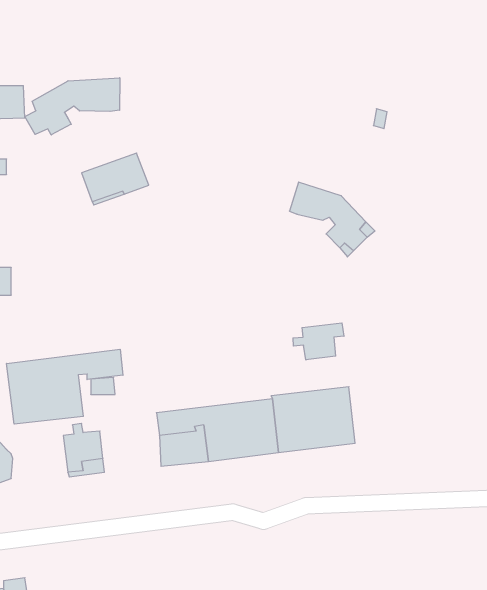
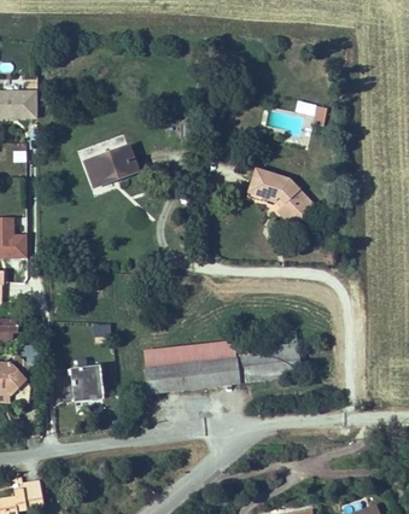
building: [25,78,120,135] -> none
building: [293,323,344,360] -> none
building: [7,349,123,424] -> none

